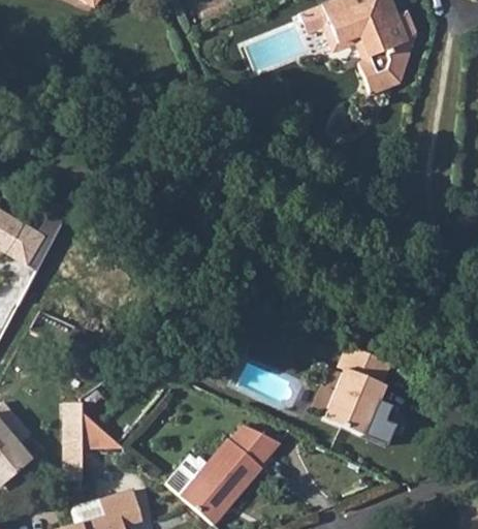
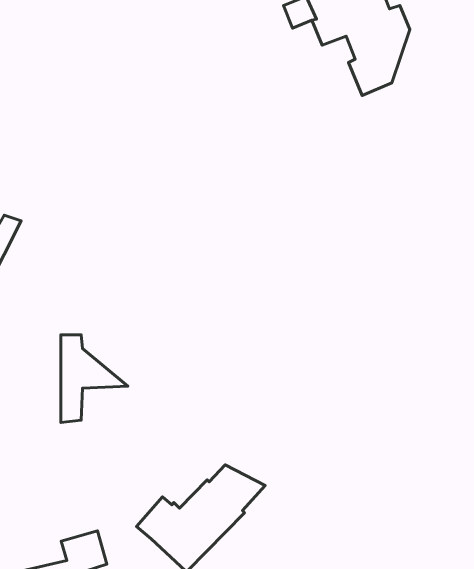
building: [325,343,400,444] -> none
building: [62,400,123,479] -> [61,335,128,423]

